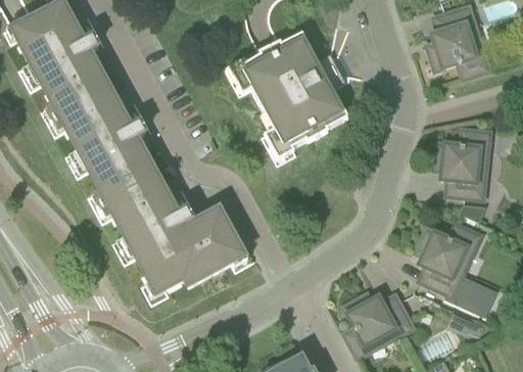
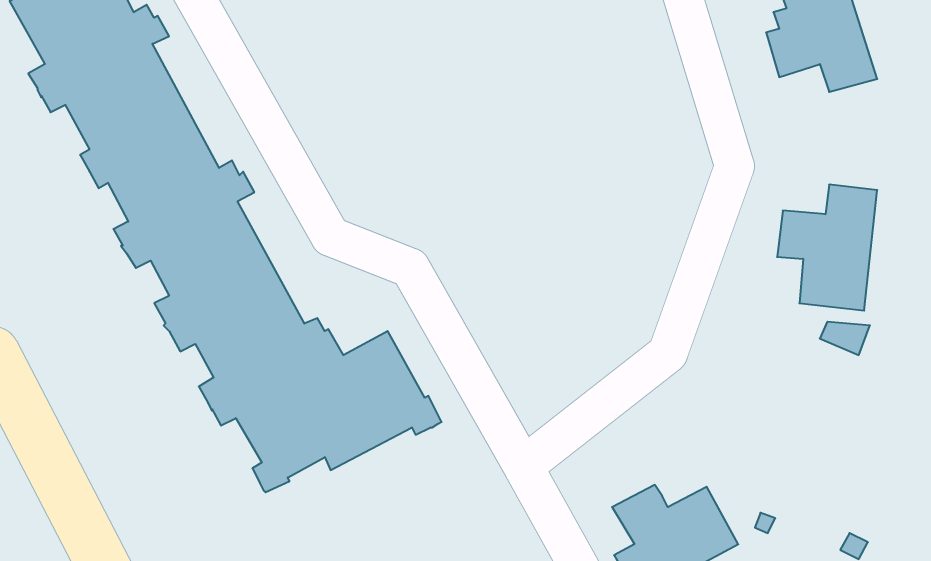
building: [230,32,349,158] -> none
building: [417,223,485,312] -> none

